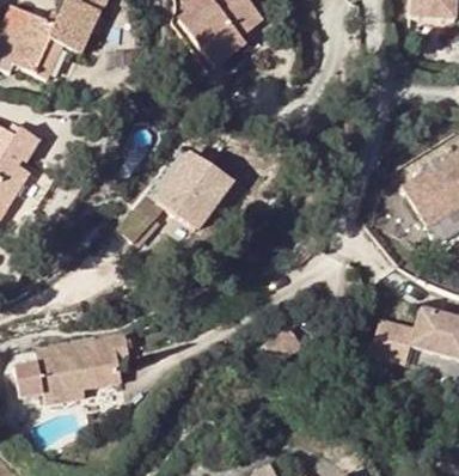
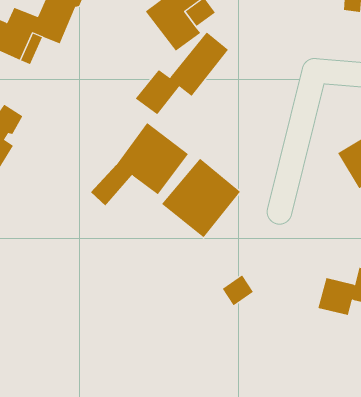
building: none -> [135,31,229,115]
building: none -> [161,158,241,238]
building: [17,332,128,399] -> none

